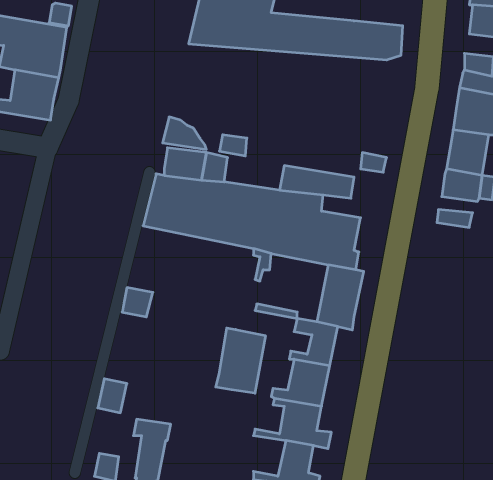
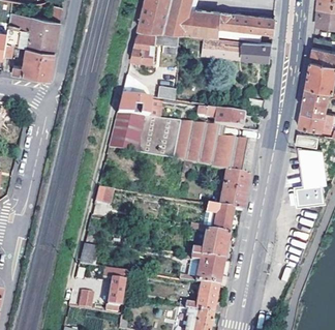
building: none -> [130,32,179,61]
building: none -> [202,37,272,59]
building: none -> [297,147,324,204]
building: [216,328,265,393] -> none

